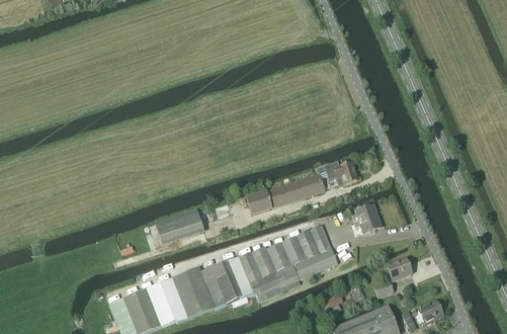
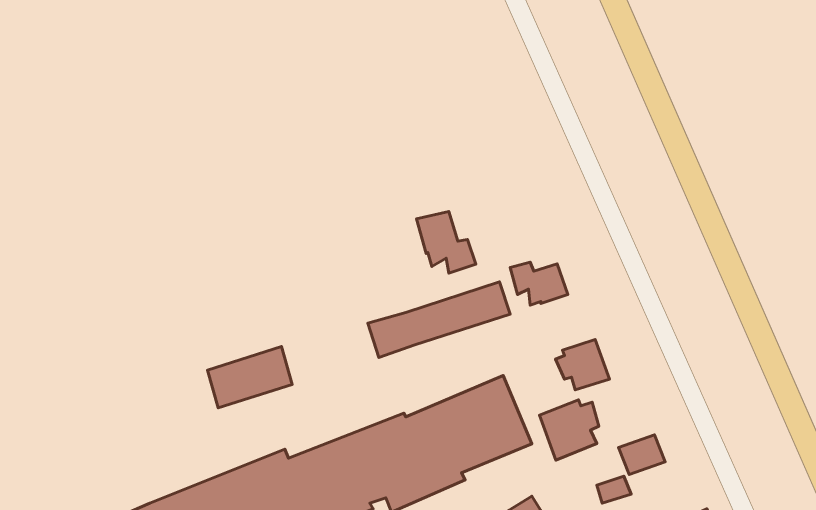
building: none -> [417,211,476,273]
building: none -> [540,400,599,460]

